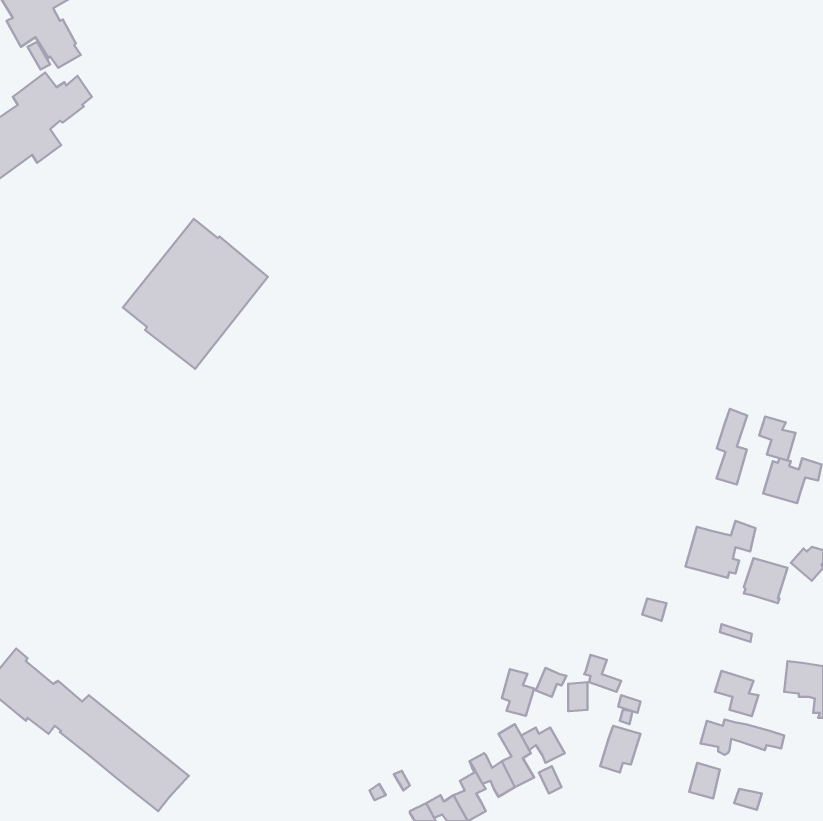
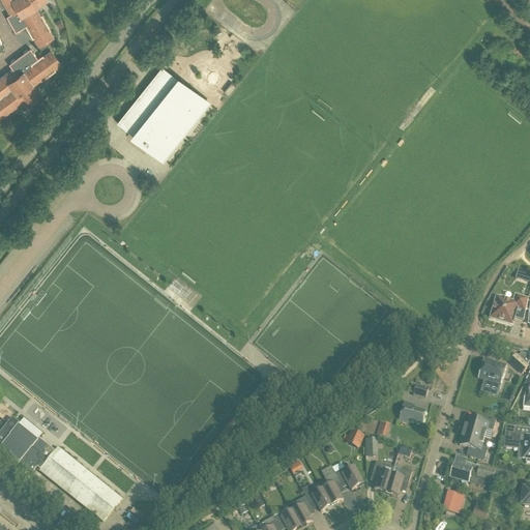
building: [123,219,268,369] -> [116,64,209,160]
building: [716,409,747,484] -> none
building: [759,417,795,460] -> none
building: [686,521,756,578] -> none
building: none -> [399,402,425,423]
building: none -> [463,414,495,437]
building: [502,669,534,716] -> [370,462,390,492]

